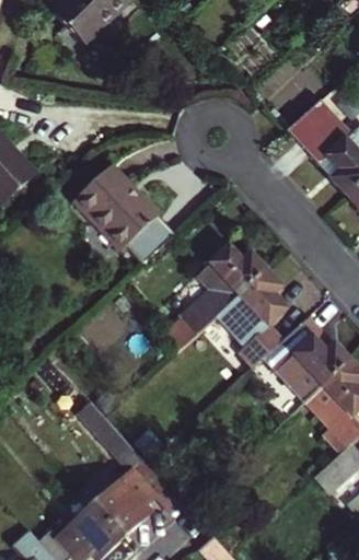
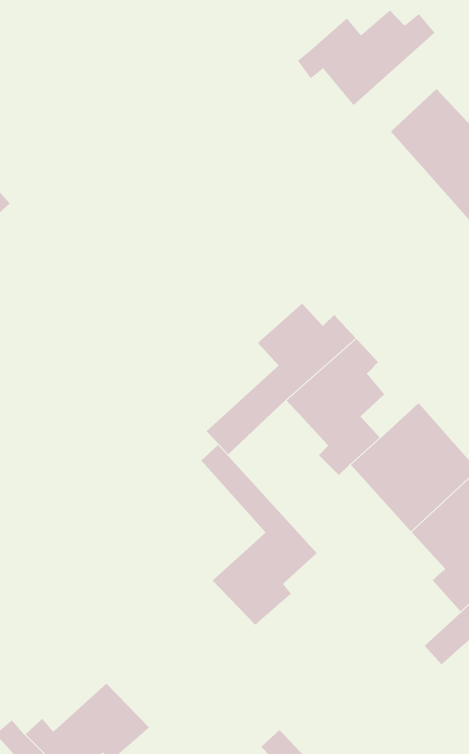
building: none -> [297,9,435,106]
building: [70,174,166,269] -> none
building: [89,412,169,536] -> [201,444,318,625]

